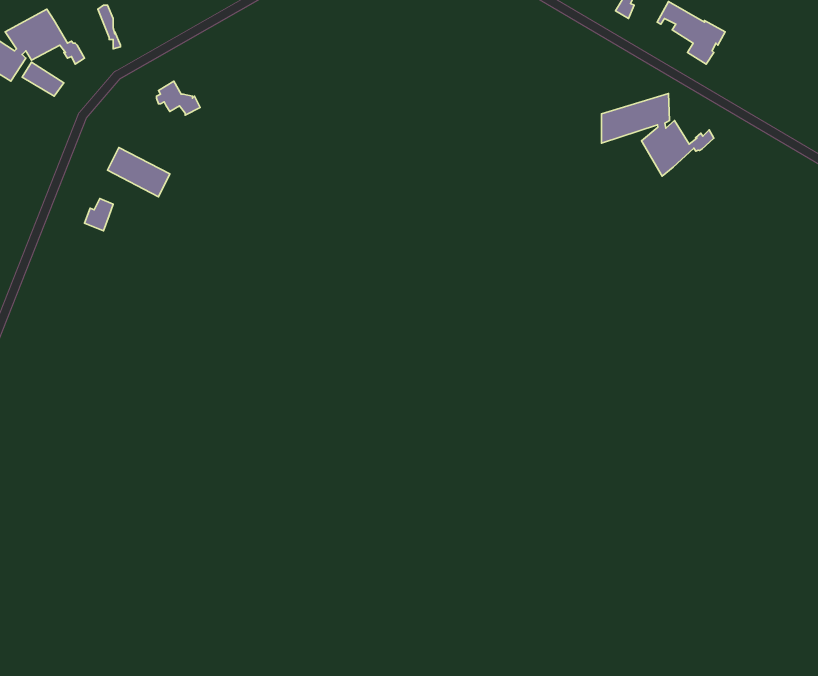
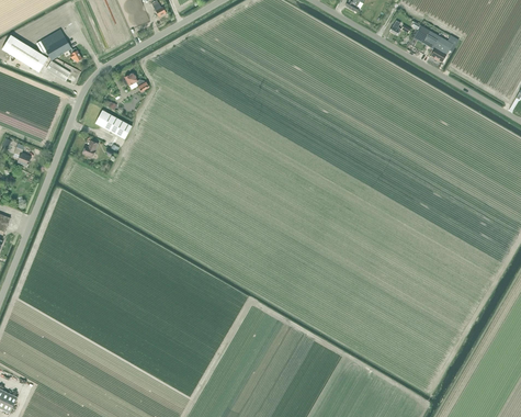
building: [602,93,714,176] -> none

